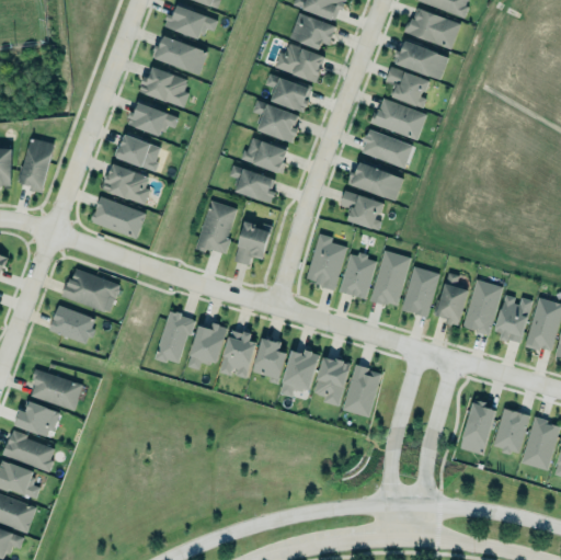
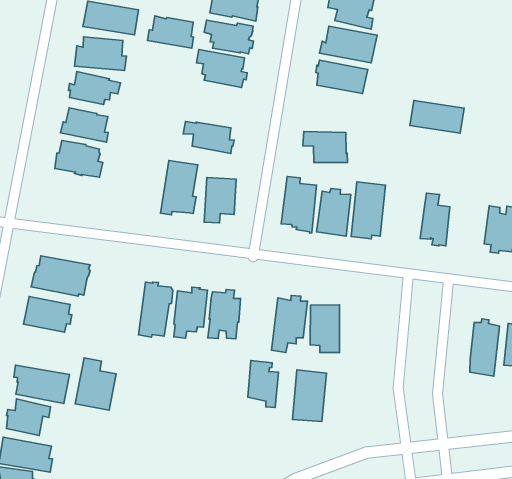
building: [241,137,287,173] -> [147,16,193,48]
building: [350,163,403,202] -> [410,101,464,133]
building: [91,195,146,239] -> none
building: [402,266,439,318] -> none
building: [462,278,503,335] -> none
building: [253,336,286,385] -> [248,361,278,408]
building: [342,366,381,419] -> [292,370,326,422]
building: none -> [75,358,116,410]

